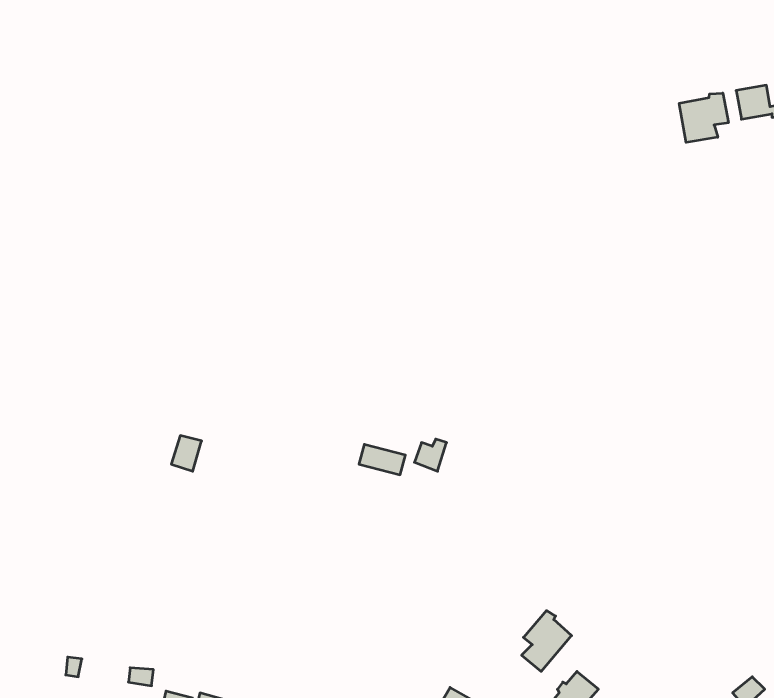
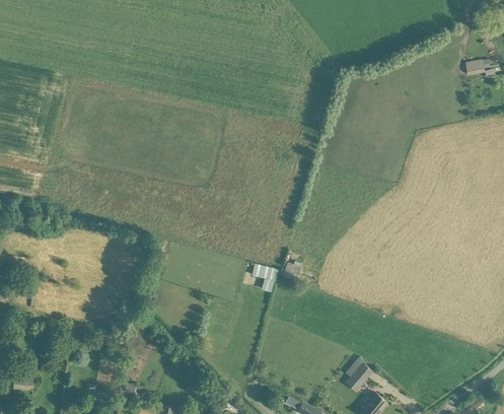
building: [679,93,728,142] -> none

